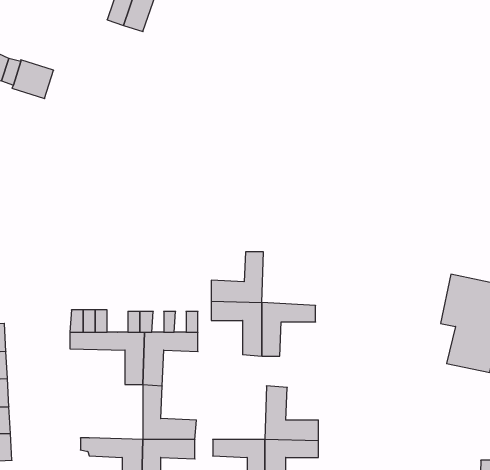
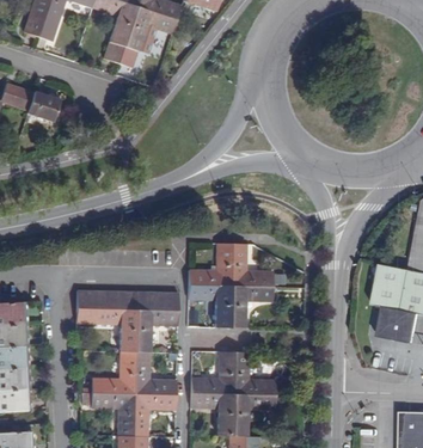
building: none -> [228,245,271,288]
building: none -> [90,351,133,395]
building: none -> [189,352,232,395]

